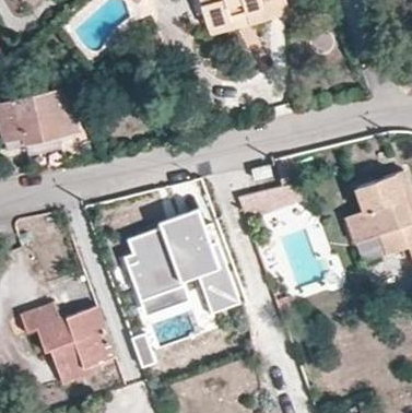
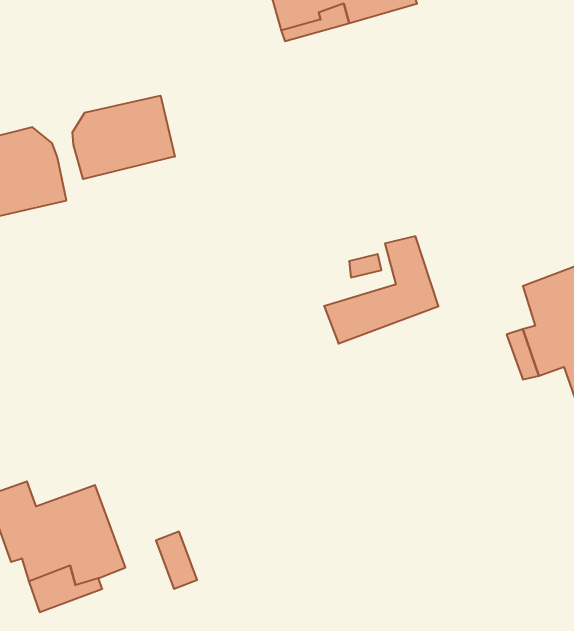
building: none -> [73,96,175,179]
building: [130,214,244,318] -> none

